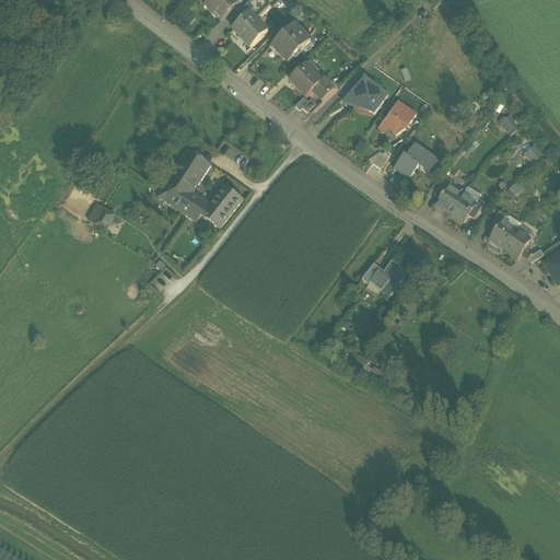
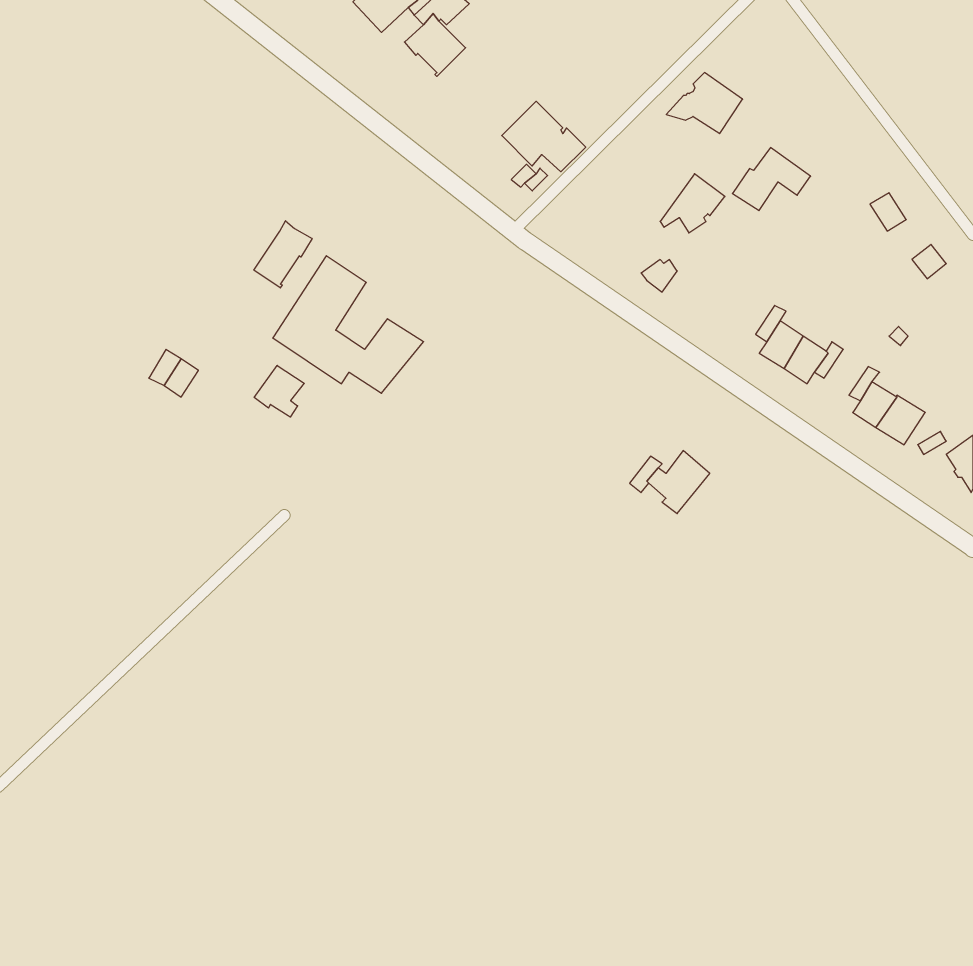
building: [270,20,310,59] -> none
building: [343,77,387,112] -> [666,73,743,134]
building: none -> [254,221,312,288]
building: [393,141,438,177] -> [732,148,811,211]
building: none -> [254,365,304,417]

